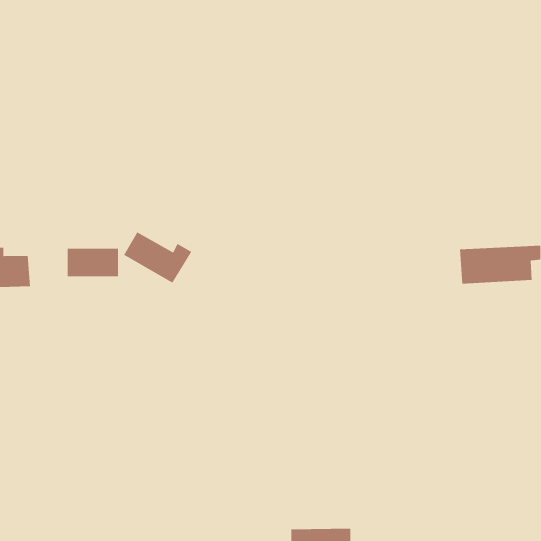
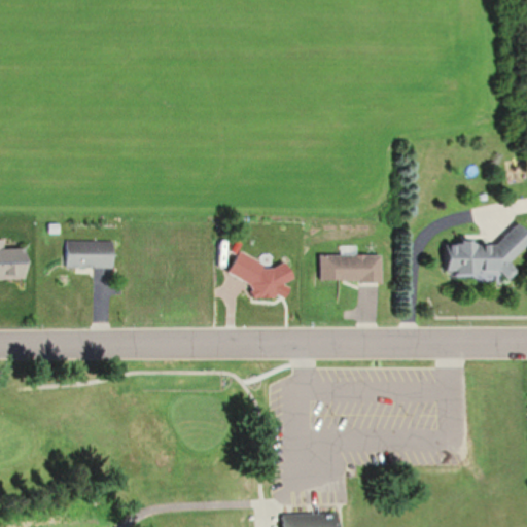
building: [123,232,192,284] -> [227,253,294,304]
building: none -> [321,255,383,283]

